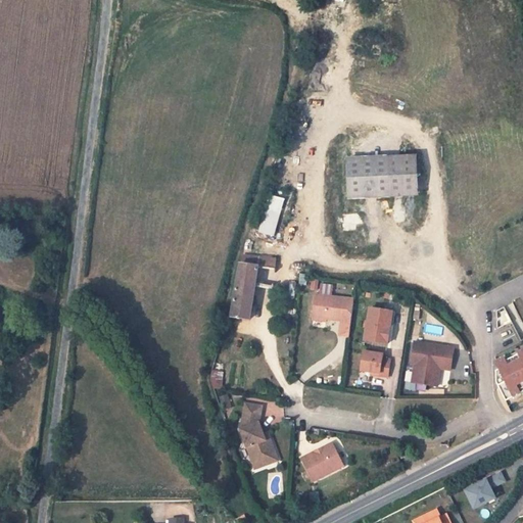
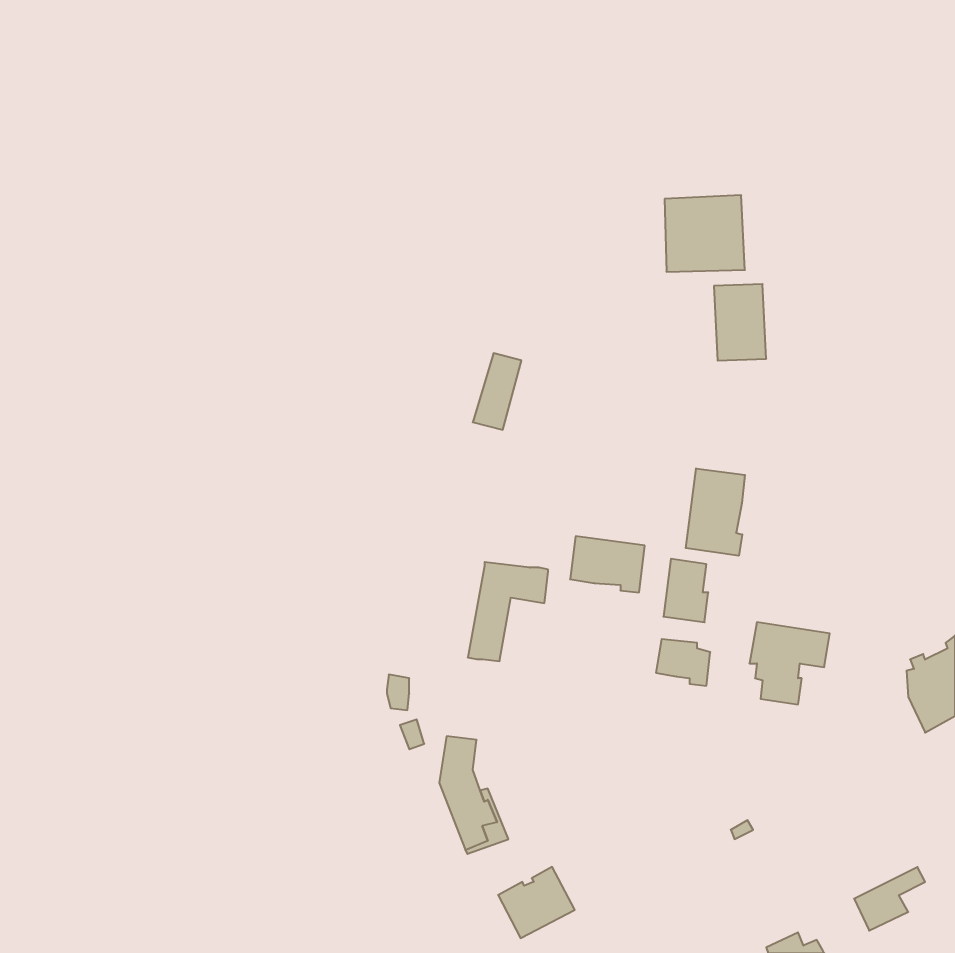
building: [348,156,392,198] -> [665,195,745,272]
building: none -> [686,468,745,556]
building: [232,264,276,318] -> [468,562,548,661]
building: [301,442,343,481] -> [498,867,575,938]

